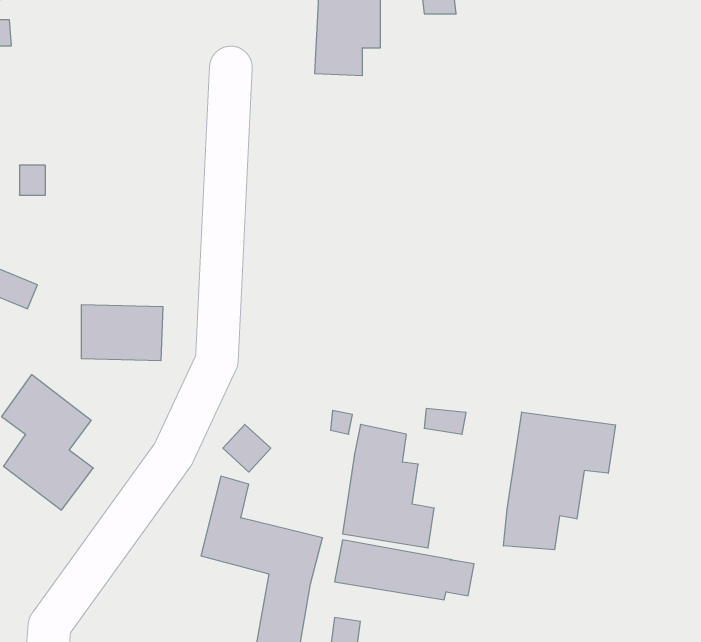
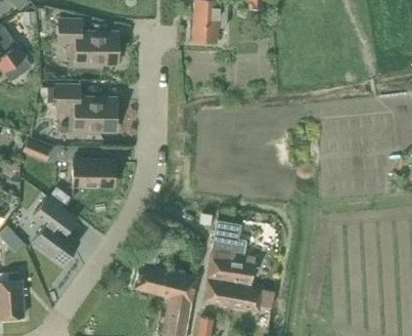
building: none -> [57,17,120,68]
building: none -> [56,85,116,129]
building: [503,412,616,550] -> none

